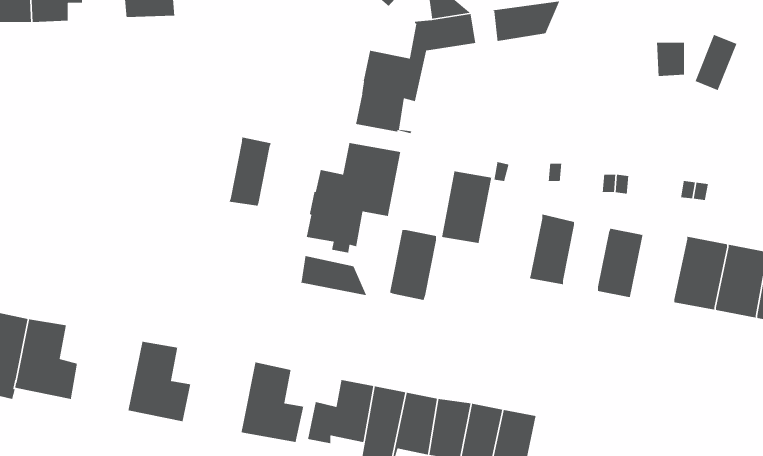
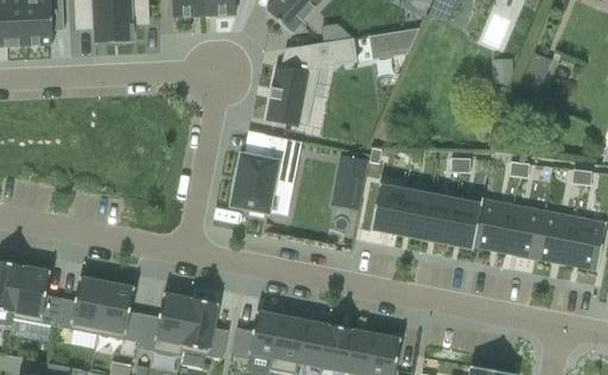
building: [229,137,272,206] -> none
building: none -> [422,192,456,244]
building: none -> [471,197,513,253]
building: [389,229,437,301] -> [369,182,405,235]
building: [299,255,367,296] -> none
building: none -> [55,275,107,333]
building: none -> [138,292,191,355]

